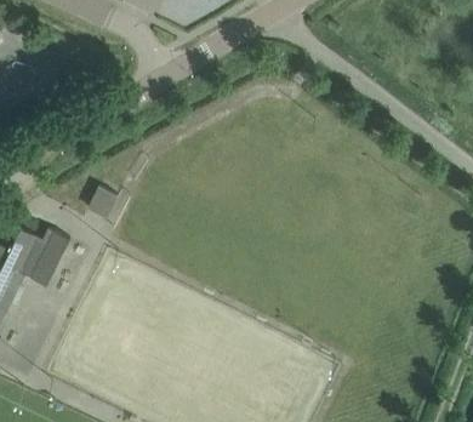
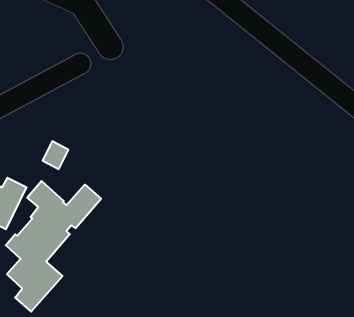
building: none -> [6,181,101,312]

